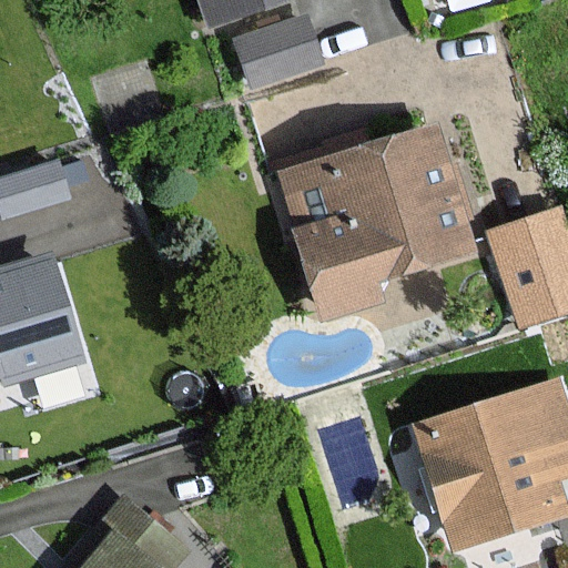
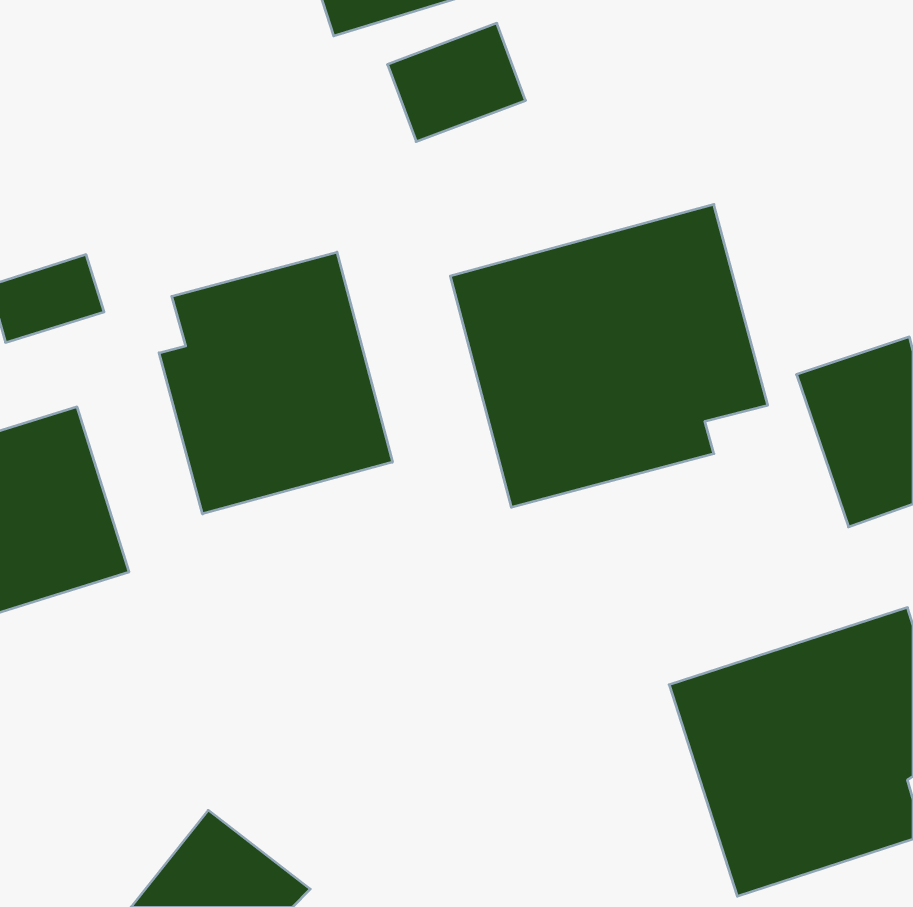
building: none -> [159,252,392,514]

